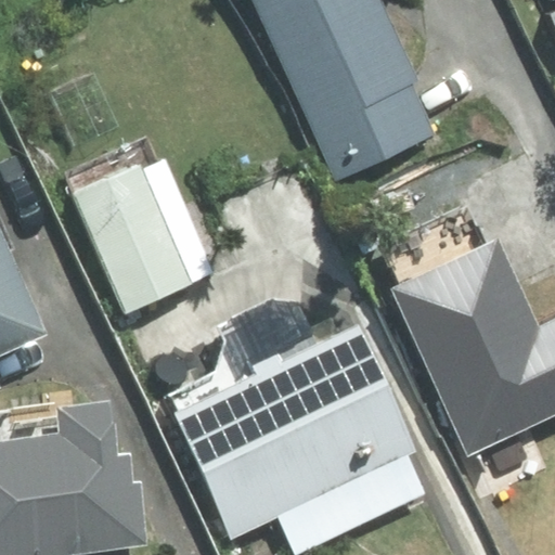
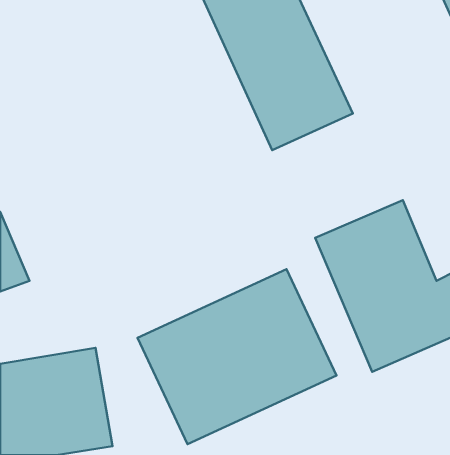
building: [67,138,218,314] -> none

